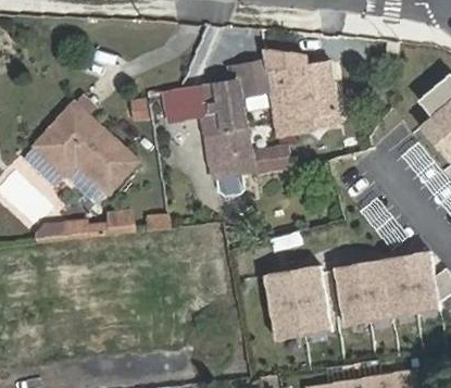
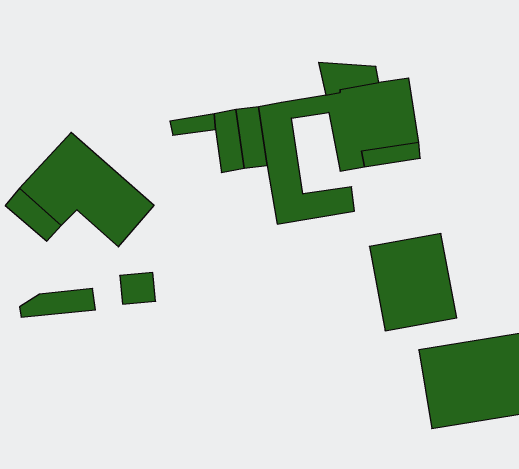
building: [265,265,331,339] -> [369,234,457,331]

